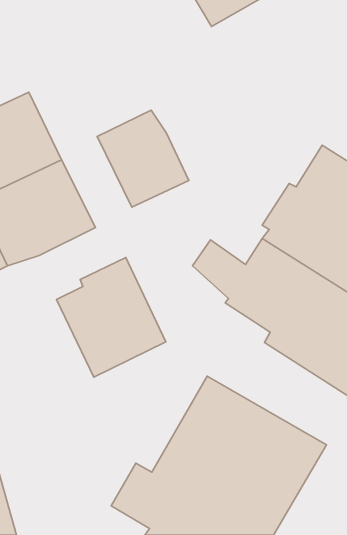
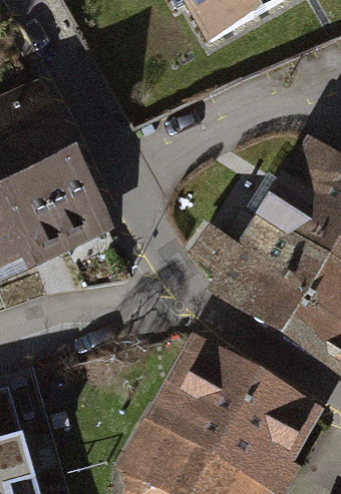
building: [97,110,189,207] -> none
building: [57,257,166,377] -> none

